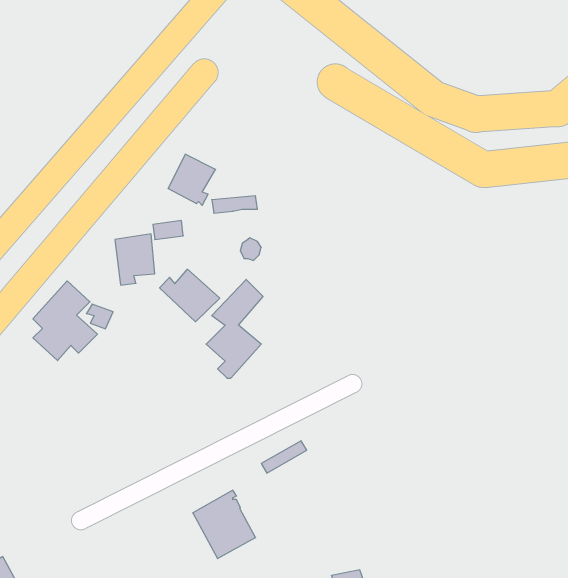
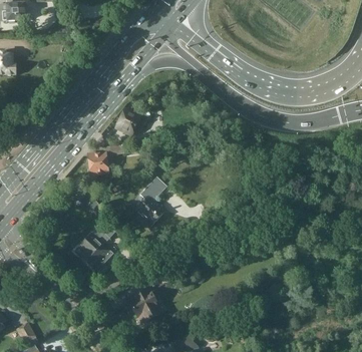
building: [160,269,220,322] -> none
building: [33,281,97,361] -> [79,226,113,268]

